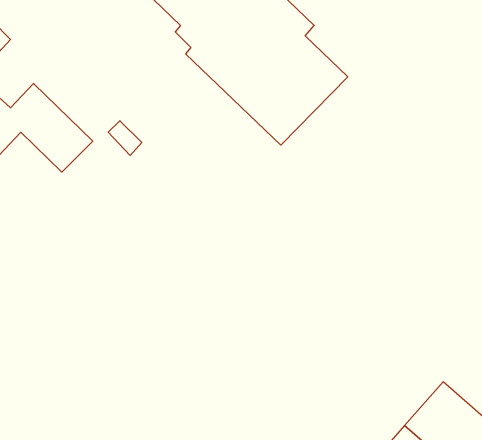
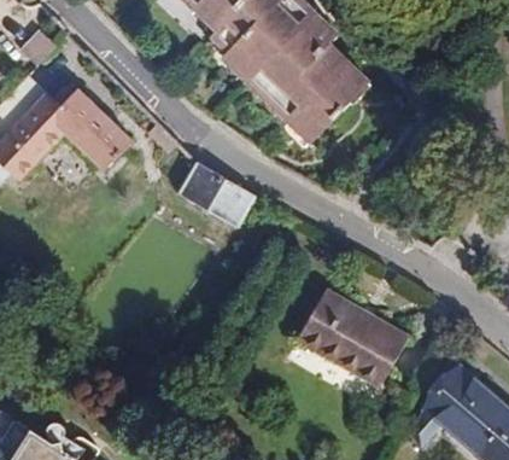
building: none -> [179,162,254,227]
building: none -> [297,290,408,386]

